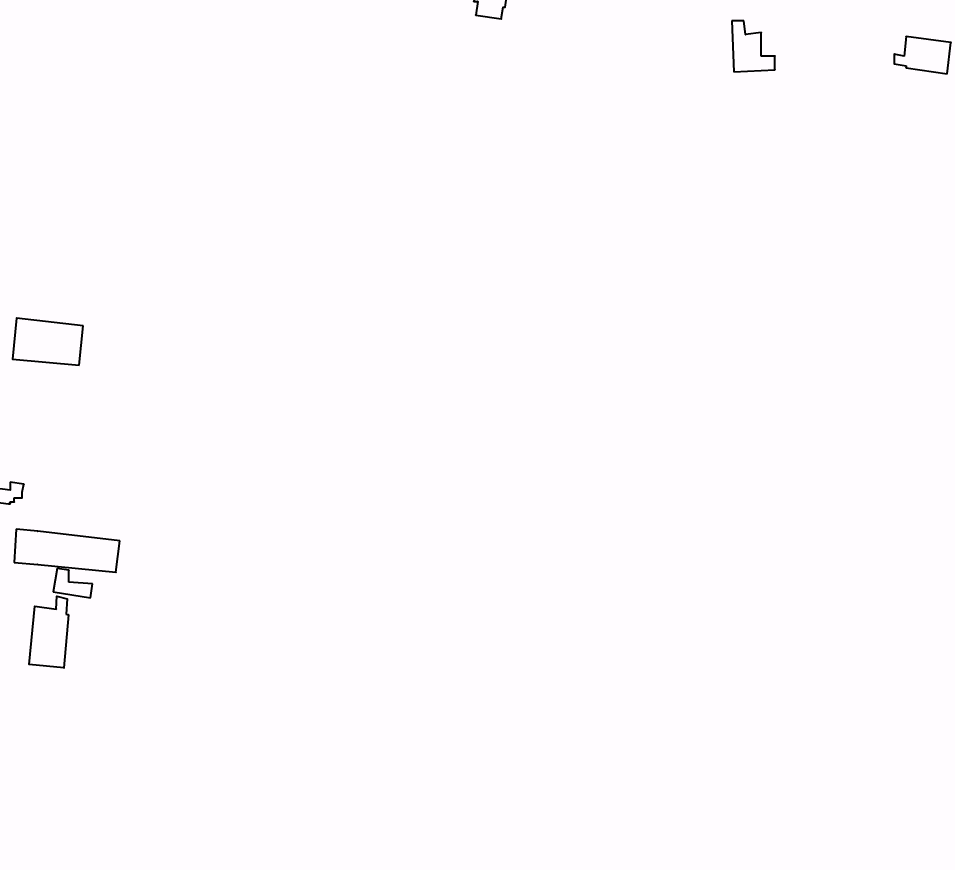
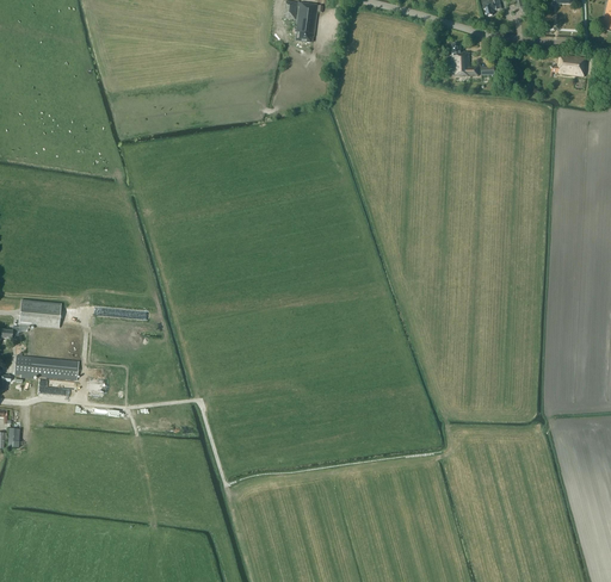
building: [13,318,83,365] -> [18,299,61,328]
building: [29,596,68,668] -> none

